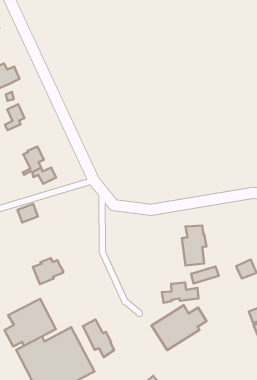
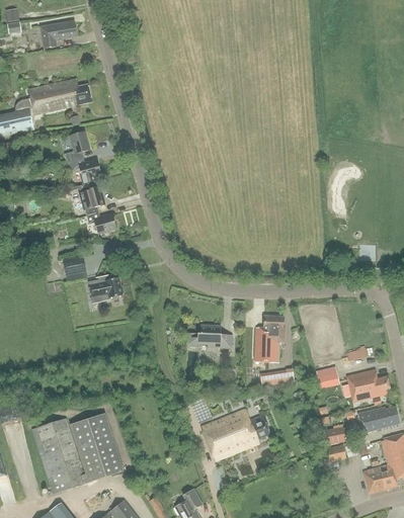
building: none -> [66,156,100,183]
building: [33,258,64,284] -> [87,273,124,303]
building: [162,282,199,303] -> [187,324,232,347]
building: [4,299,56,346] -> none
building: [83,319,114,357] -> none

